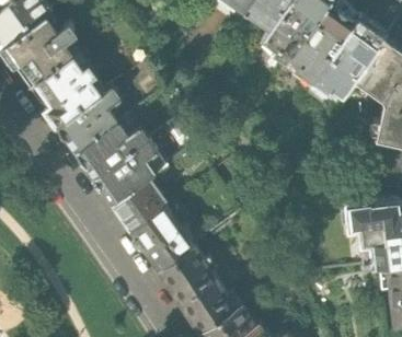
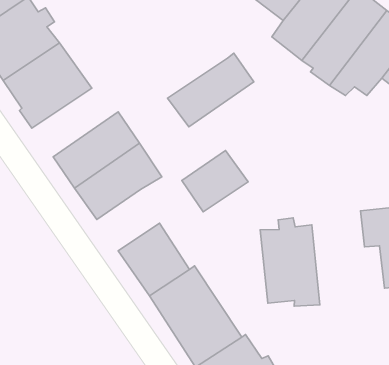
building: [51,85,127,150] -> [168,53,254,127]
building: [108,178,166,232] -> [182,151,248,212]
building: none -> [260,218,320,306]

